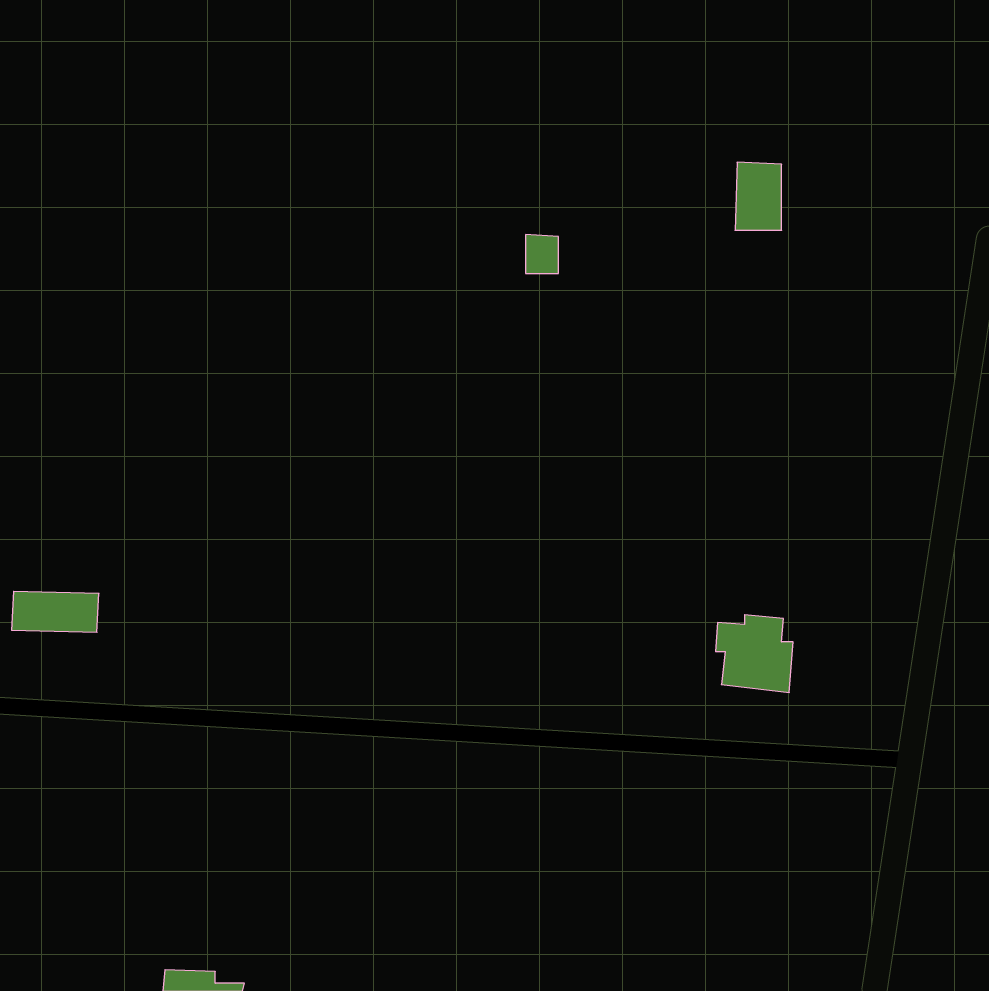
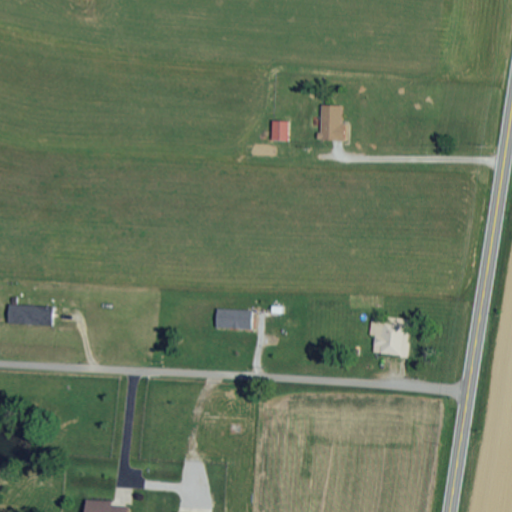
building: [735,162,782,230] -> [319,105,343,140]
building: none -> [214,309,250,329]

